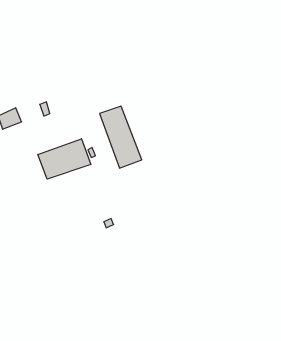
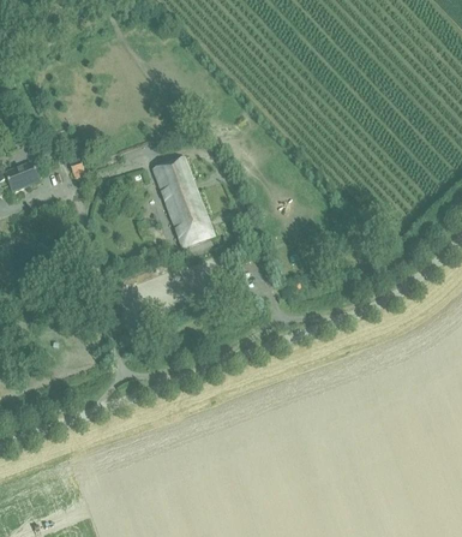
building: [38,139,91,179] -> none

